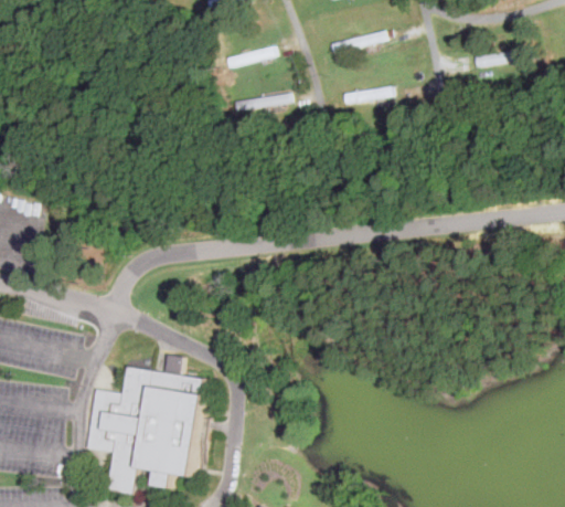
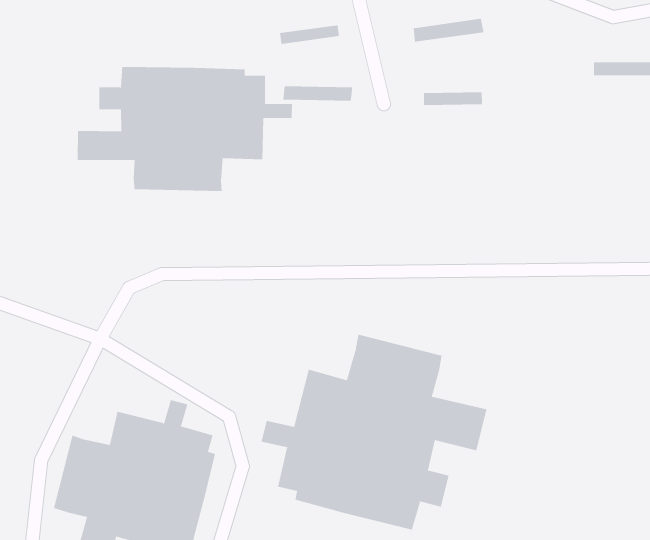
building: none -> [77,66,292,192]
building: none -> [261,334,487,531]

